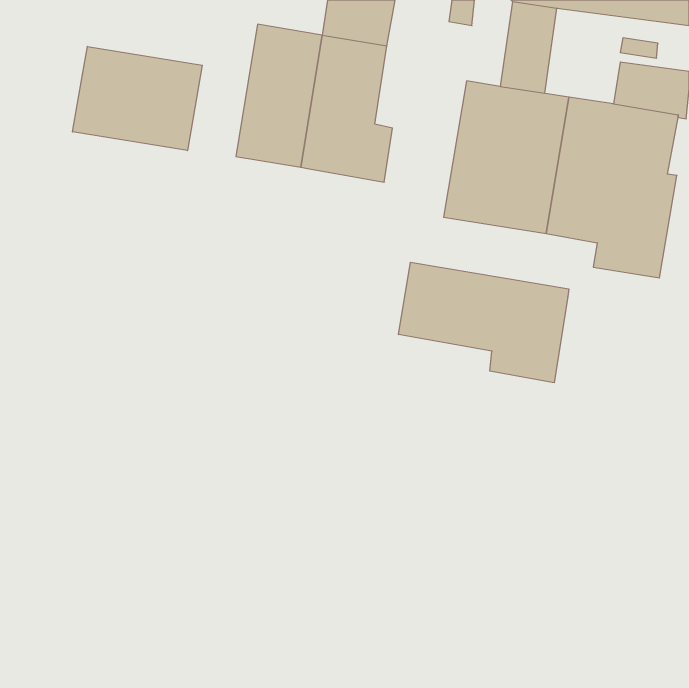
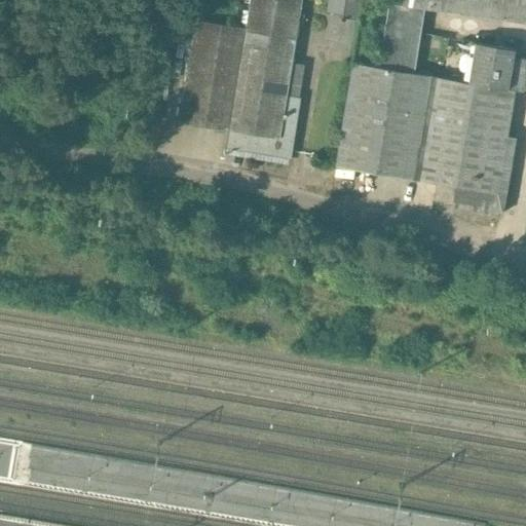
building: [73,46,202,151] -> none
building: none -> [231,129,293,157]
building: [399,262,569,383] -> none

